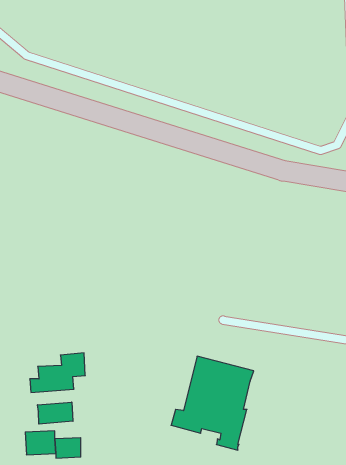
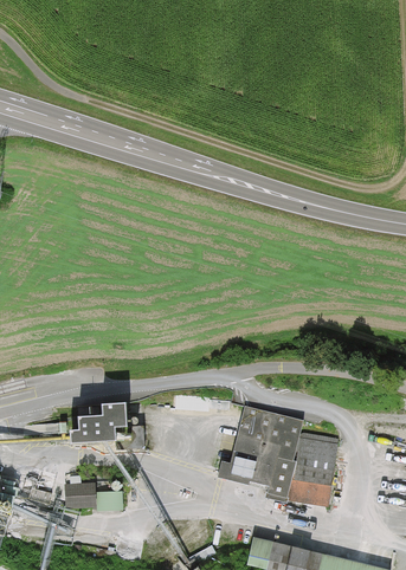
building: none -> [288,432,339,507]
building: [38,402,73,424] -> none

